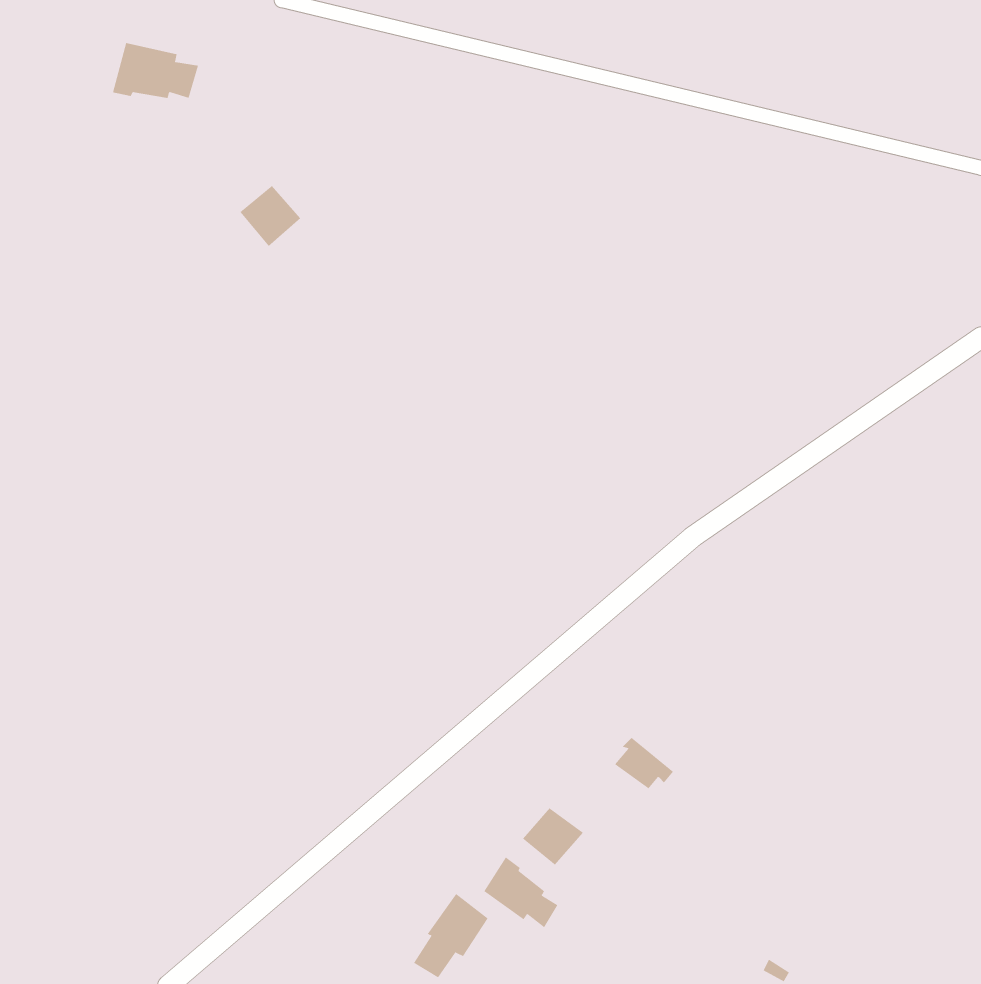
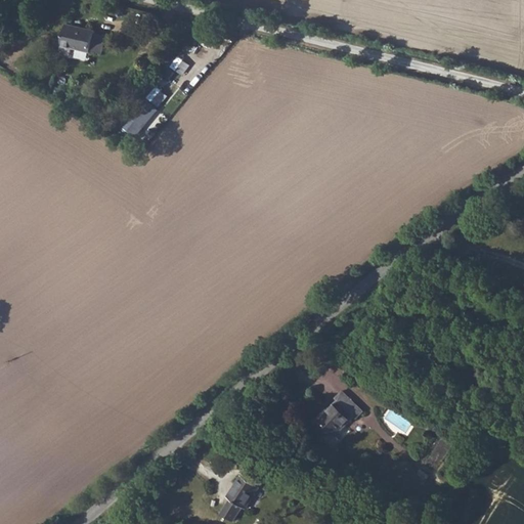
building: [522,808,584,865] -> [311,406,344,437]
building: [483,857,558,928] -> none

